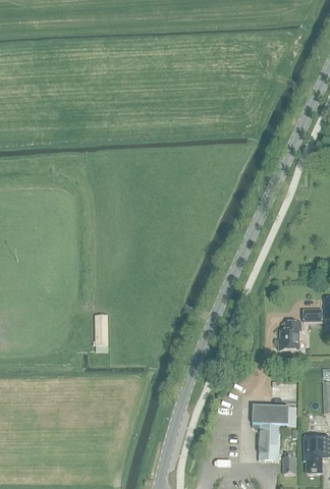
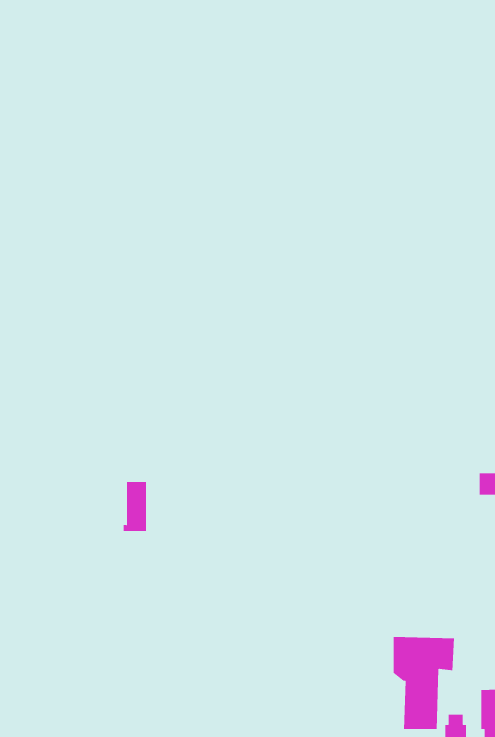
building: [278,322,300,349] -> none

